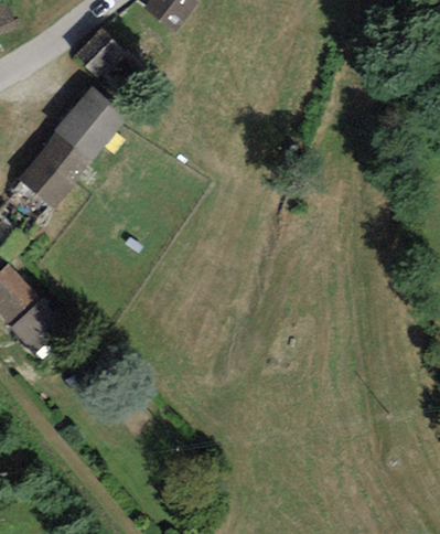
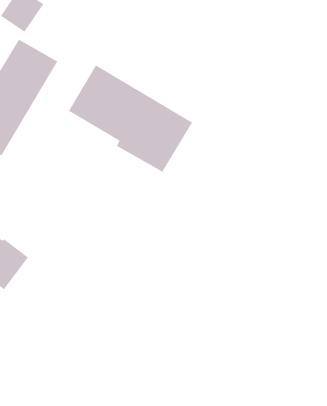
building: none -> [68,65,193,172]

